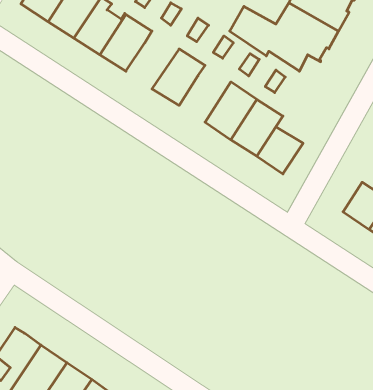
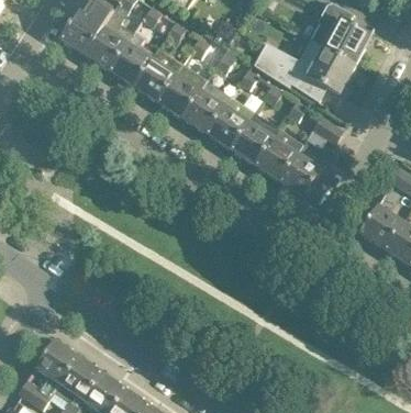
building: none -> [158,64,208,118]
building: none -> [208,96,256,148]
building: none -> [306,115,345,149]

